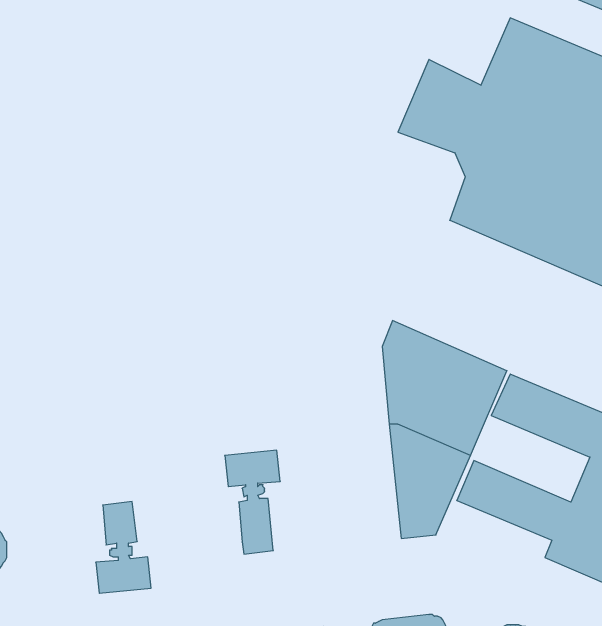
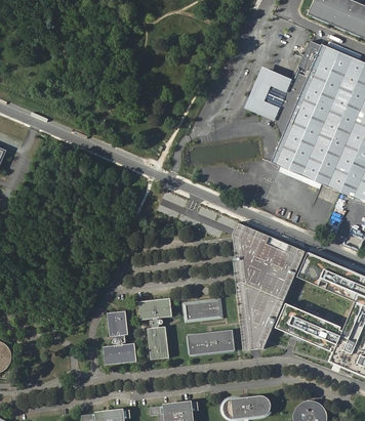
building: none -> [182,298,224,324]
building: [96,502,151,593] -> [105,311,137,366]
building: none -> [188,330,235,355]

